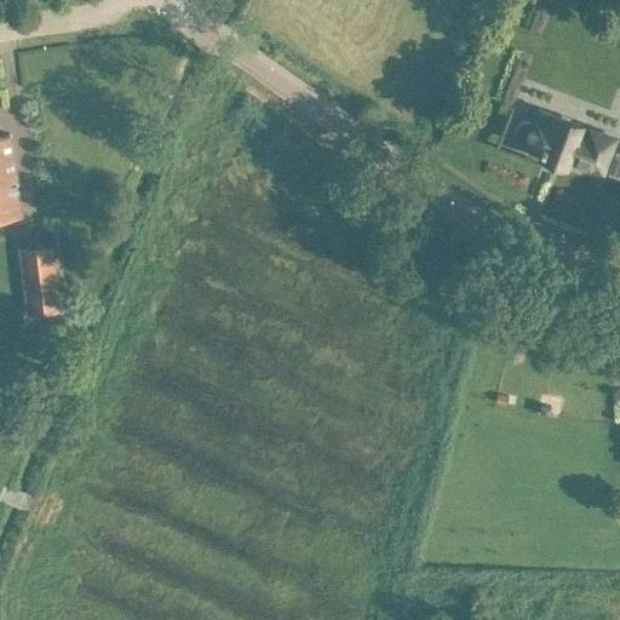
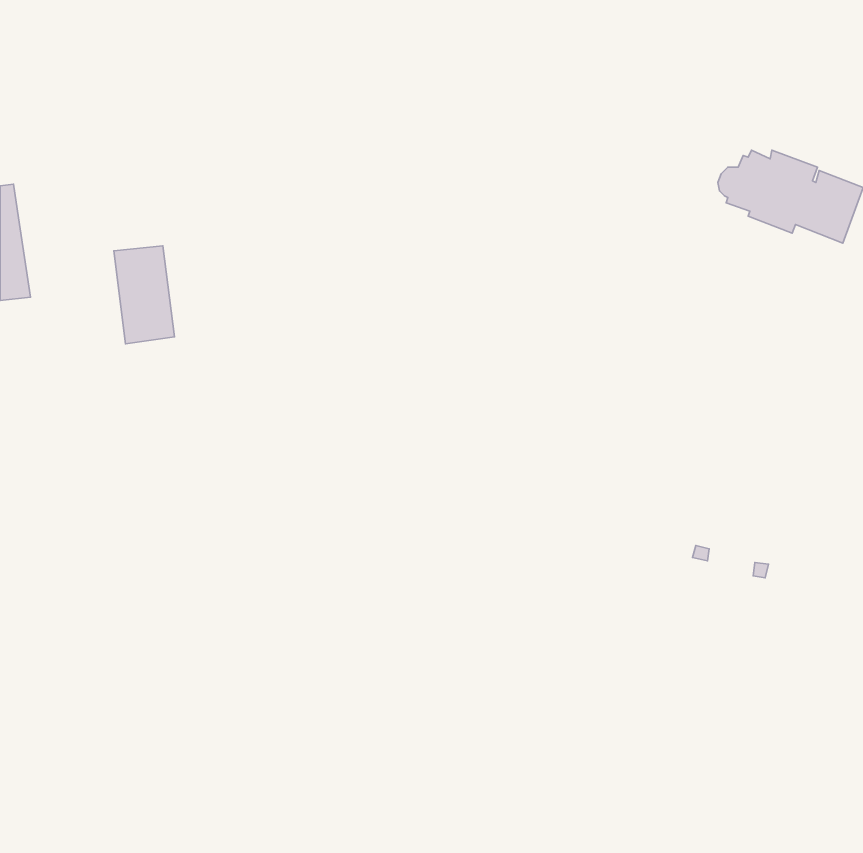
building: [18,249,62,320] -> [114,246,175,344]

